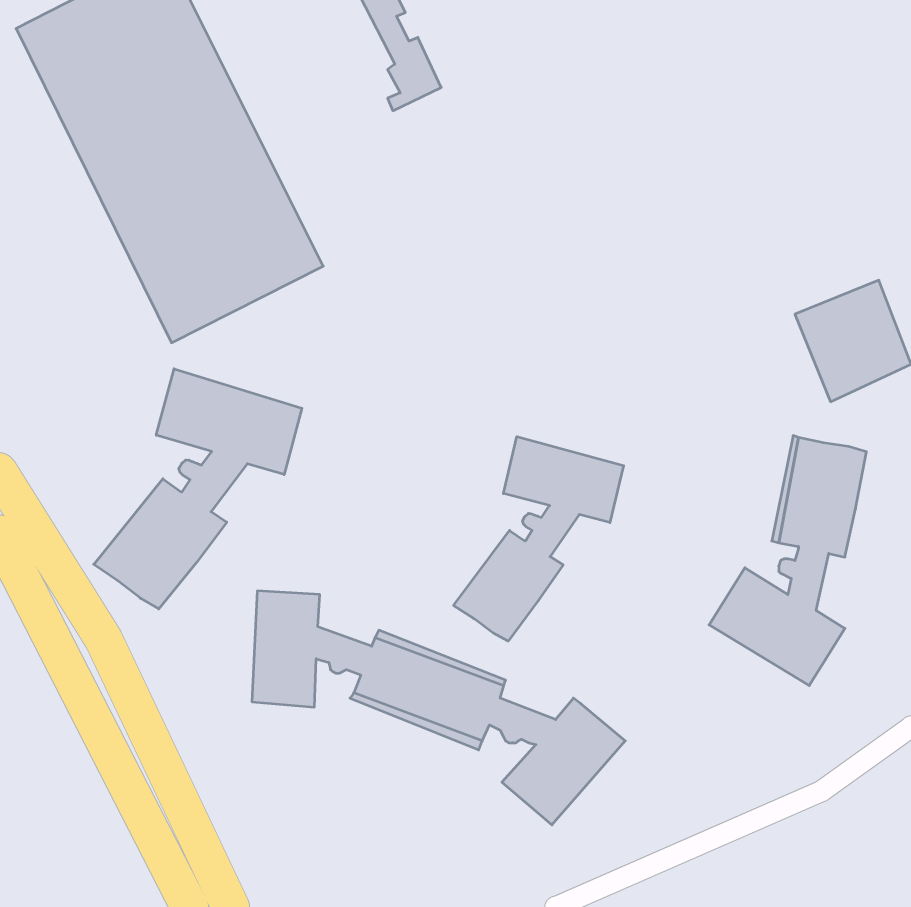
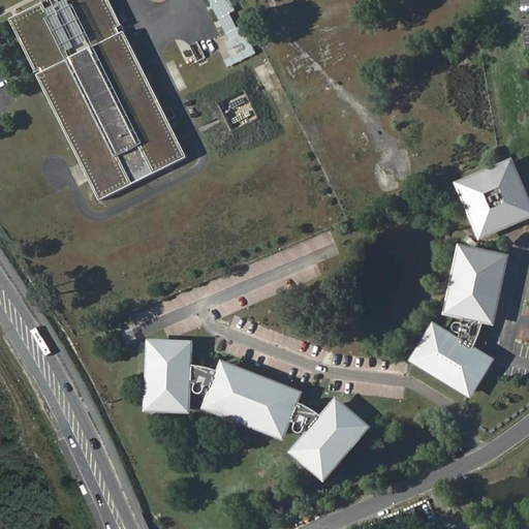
building: [94,369,302,609] -> none
building: [454,437,624,641] -> none

